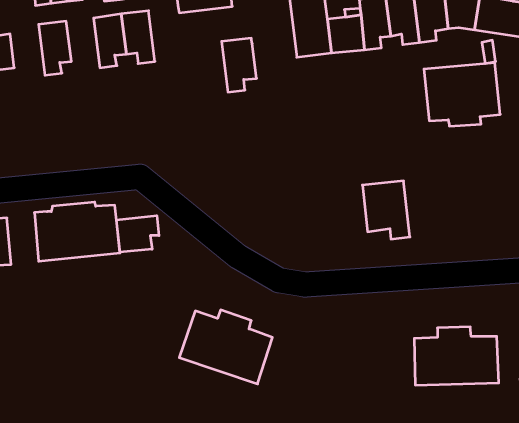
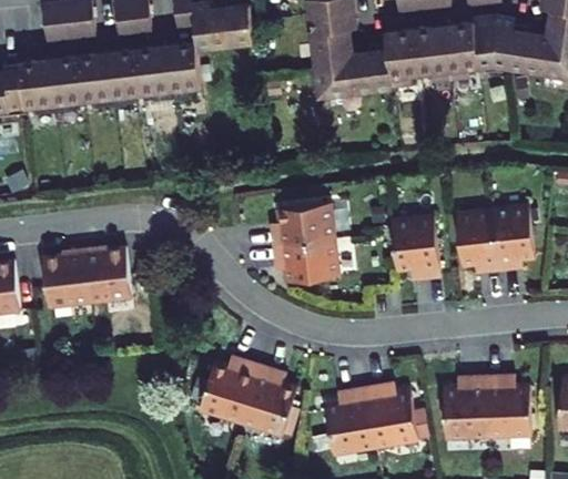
building: none -> [79,52,114,106]
building: none -> [19,59,57,114]
building: [222,38,257,92] -> [165,41,202,98]
building: [424,63,500,126] -> [443,214,523,281]
building: none -> [264,211,334,291]
building: [116,216,159,252] -> none
building: none -> [326,384,422,455]

